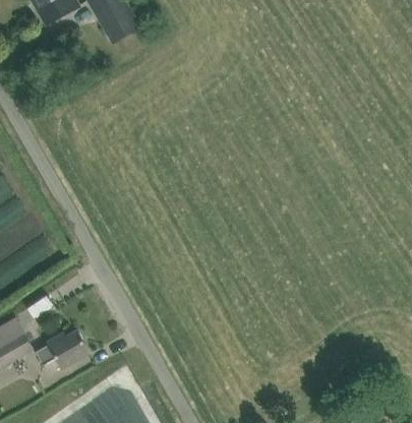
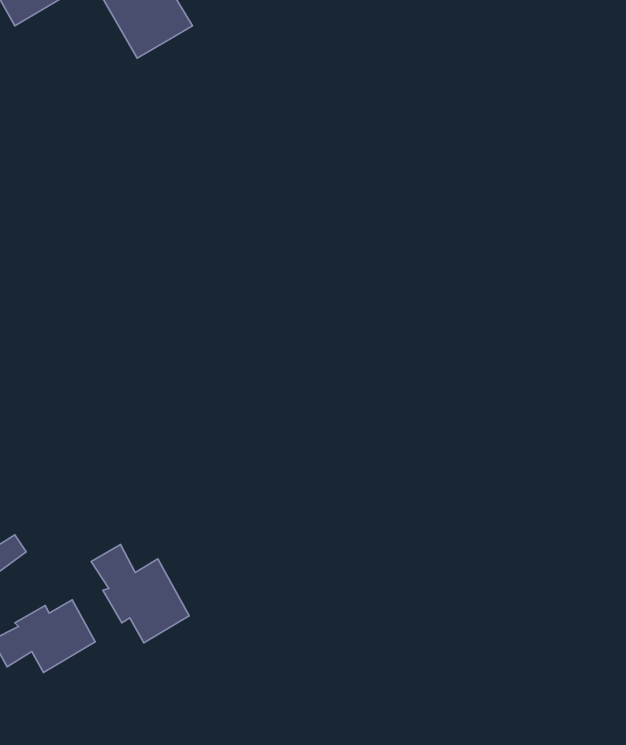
building: none -> [91,545,189,643]

